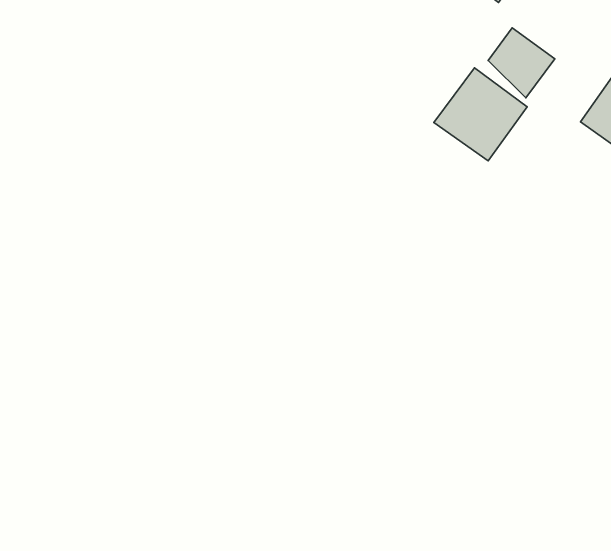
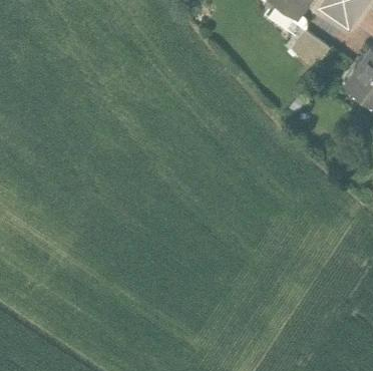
building: [434,68,527,161] -> none

